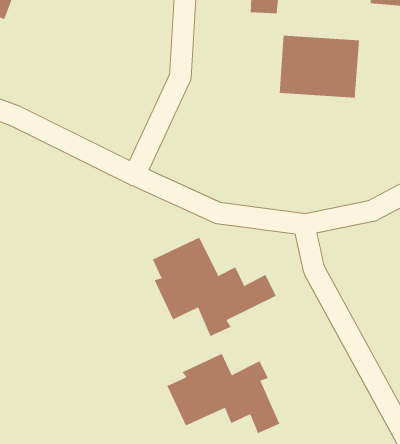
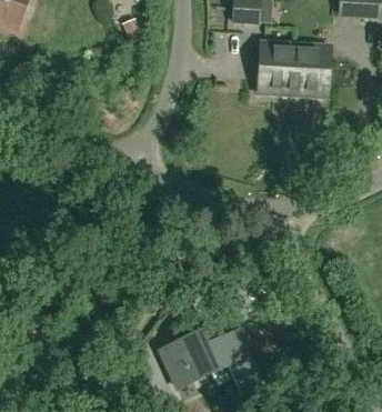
building: [152,237,277,337] -> none

